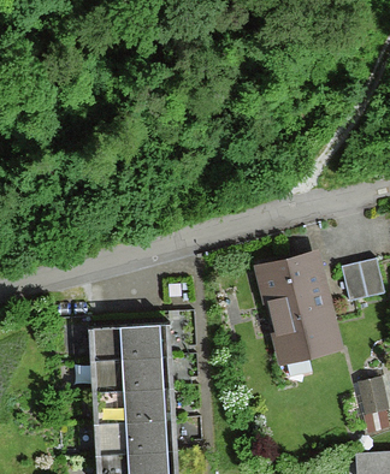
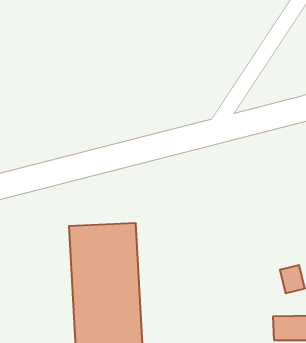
building: [254,253,345,366] -> none
building: [337,259,382,302] -> none

